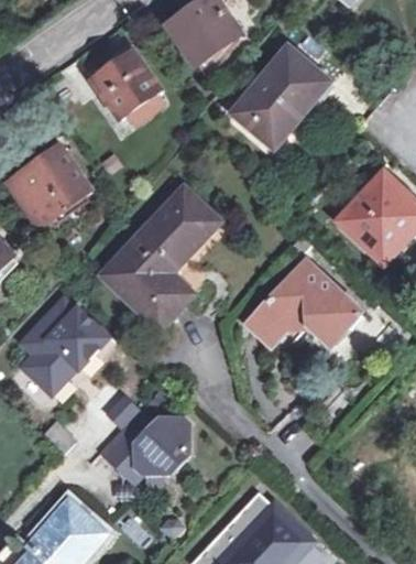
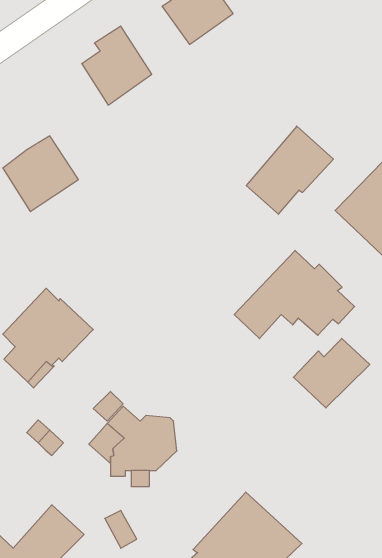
building: [244,55,328,140] -> [246,126,333,214]
building: [101,188,218,327] -> none
building: none -> [293,338,370,408]

